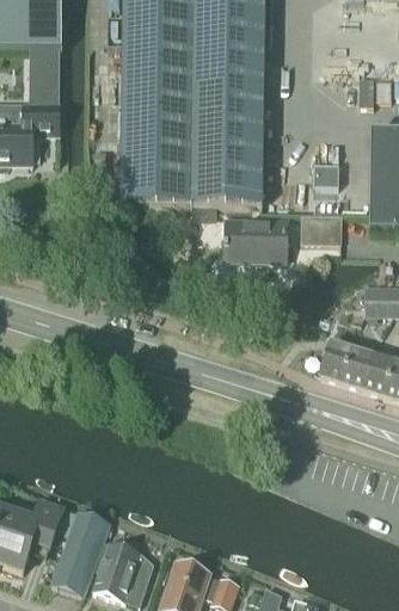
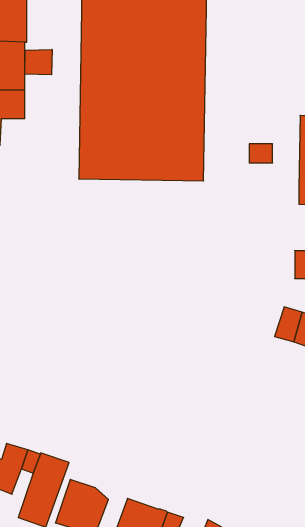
building: none -> [25,49,52,75]
building: [300,211,342,241] -> none
building: [226,215,287,259] -> none
building: [320,339,352,379] -> none

